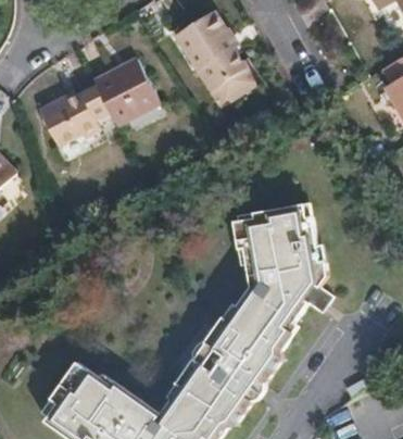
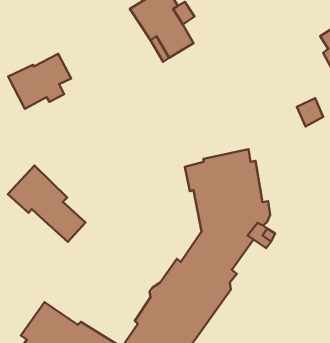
building: [90,61,154,127] -> none
building: none -> [8,166,85,242]

